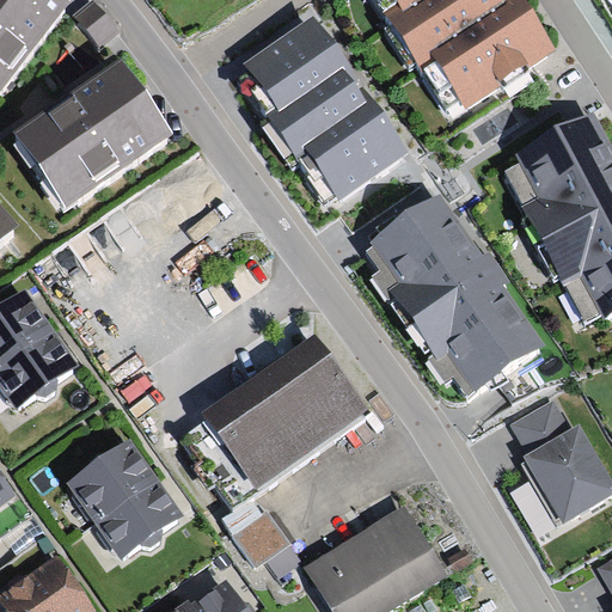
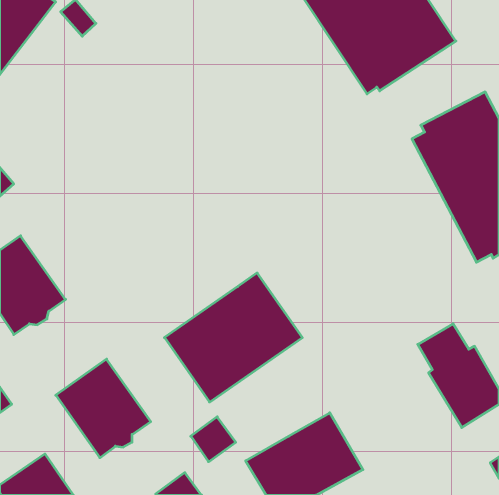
building: [234,16,408,209] -> none
building: [13,57,175,208] -> none
building: [365,198,541,397] -> none

